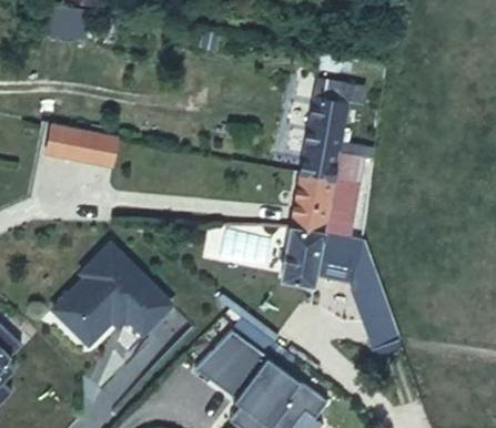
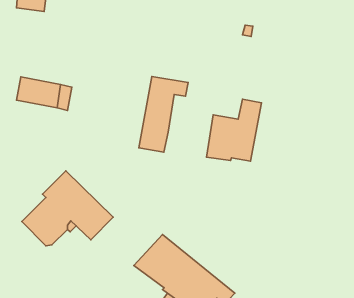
building: [300,81,363,179] -> [139,76,188,152]
building: [281,227,397,348] -> none

